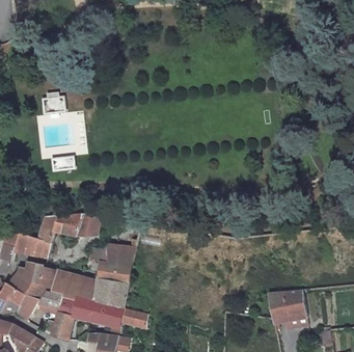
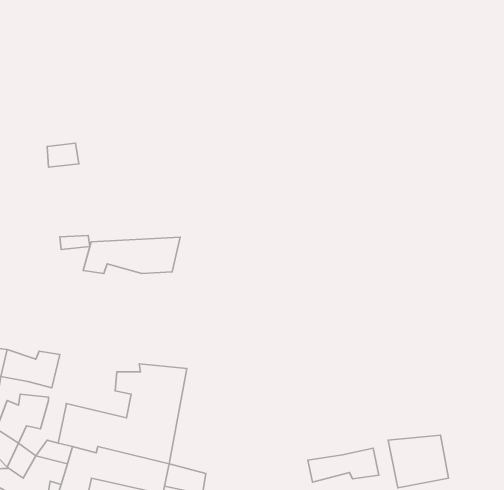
building: [39,213,103,237] -> [83,237,180,274]
building: [26,267,57,303] -> none
building: none -> [308,448,379,482]

